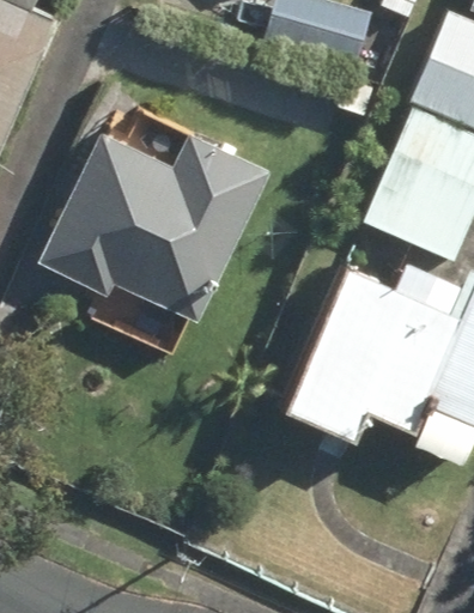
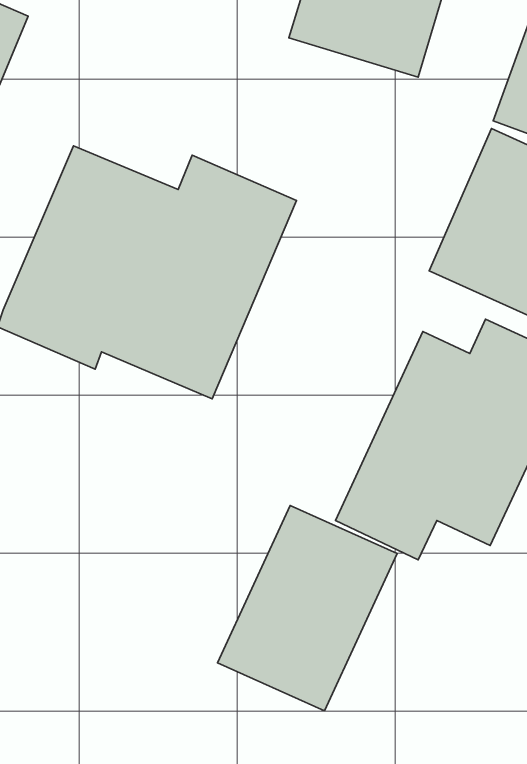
building: none -> [217,505,397,711]

